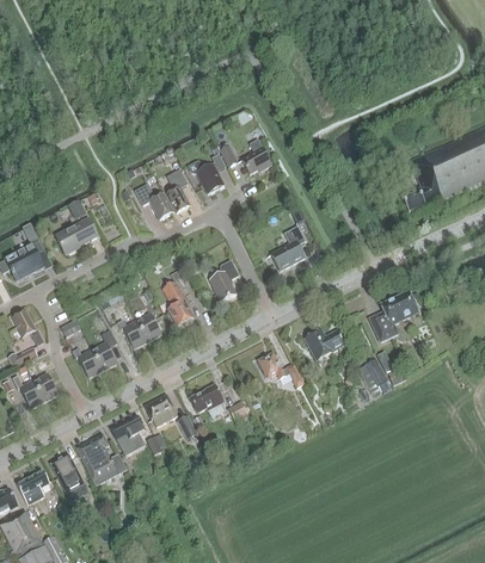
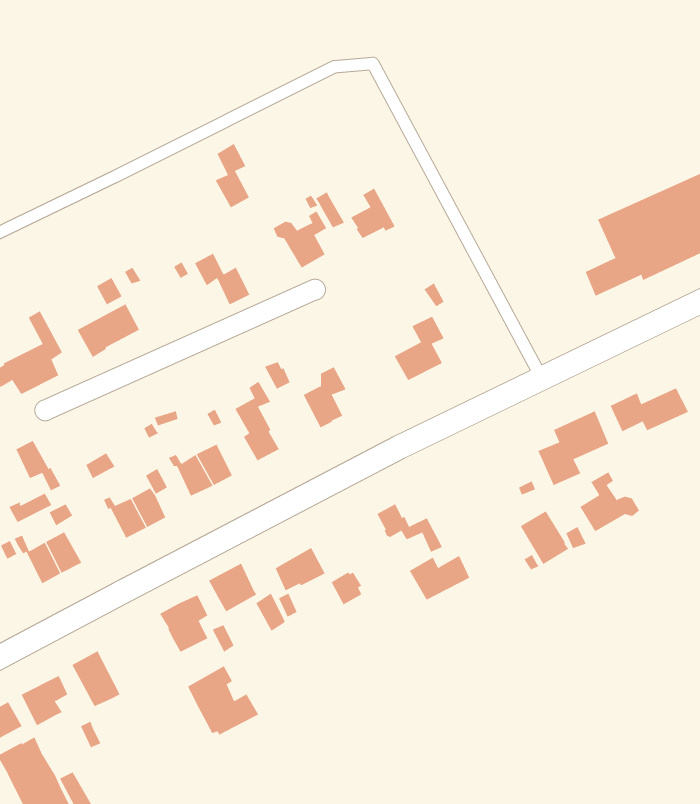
building: [166,168,190,212] -> [215,143,250,208]
building: none -> [610,388,689,432]
building: [305,328,346,359] -> [409,555,470,601]
building: none -> [580,472,640,532]
building: [78,434,127,482] -> [187,665,259,735]

